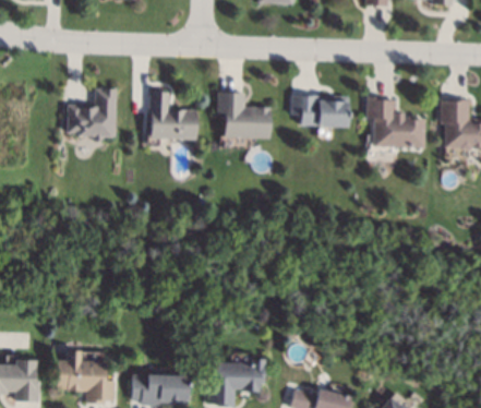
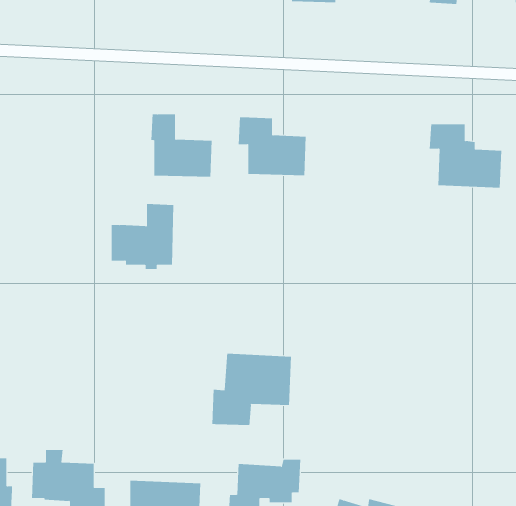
building: [68,87,117,139] -> [111,203,174,269]
building: [290,94,348,127] -> none
building: none -> [212,353,292,426]

